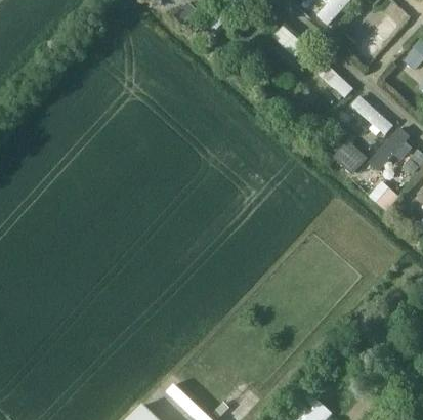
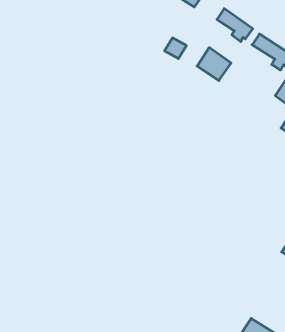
building: [330,139,366,175] -> [197,48,231,81]

